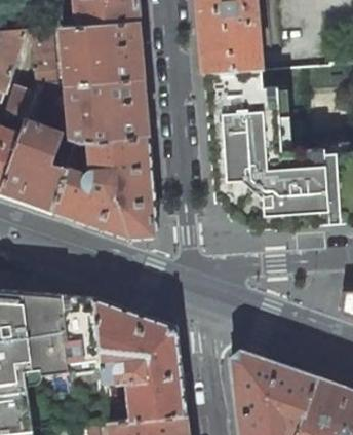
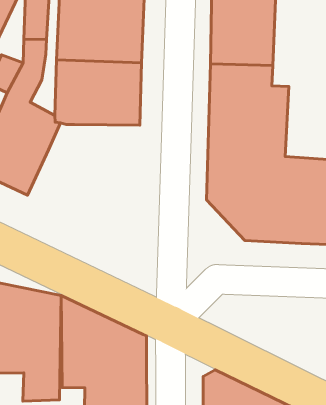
building: [53,136,157,239] -> none

